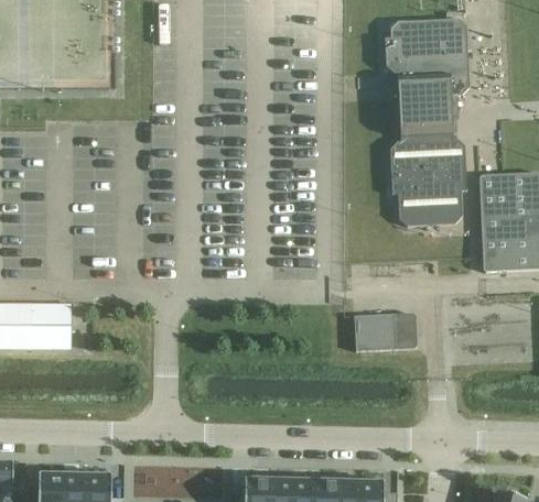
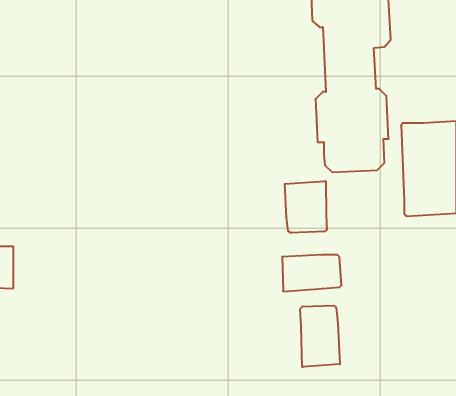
building: none -> [285,181,327,233]
building: none -> [300,306,340,367]

